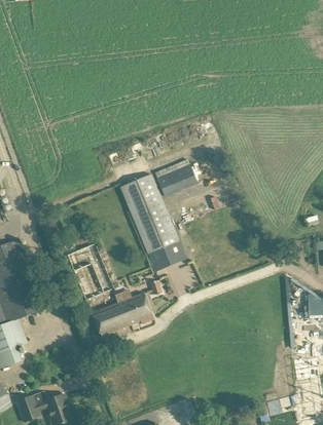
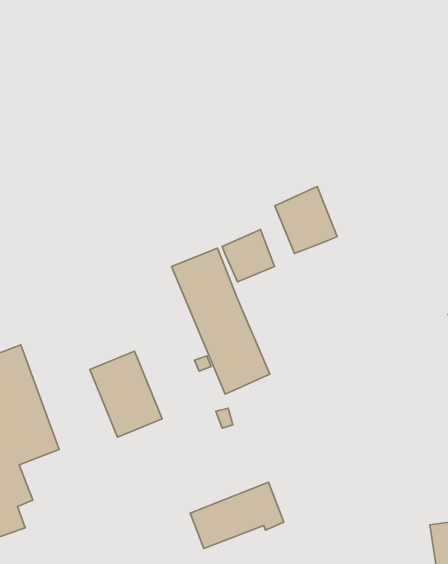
building: none -> [275,186,337,253]
building: [92,292,154,336] -> [190,482,284,548]

